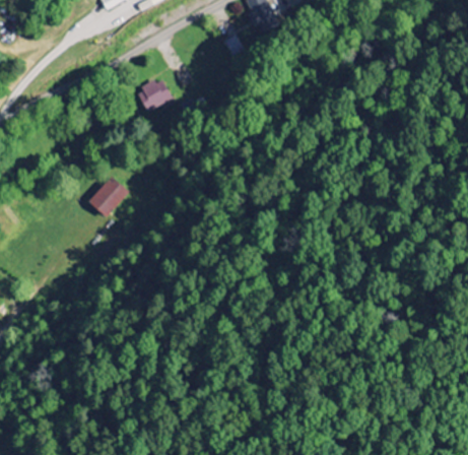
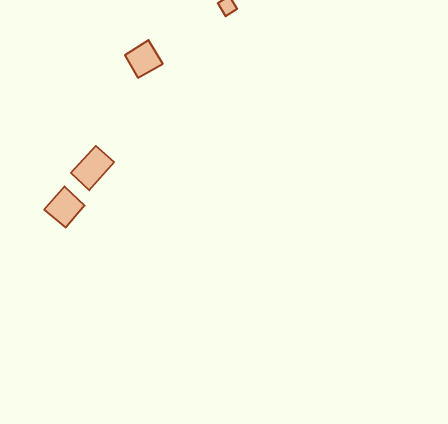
building: none -> [44,186,85,228]

